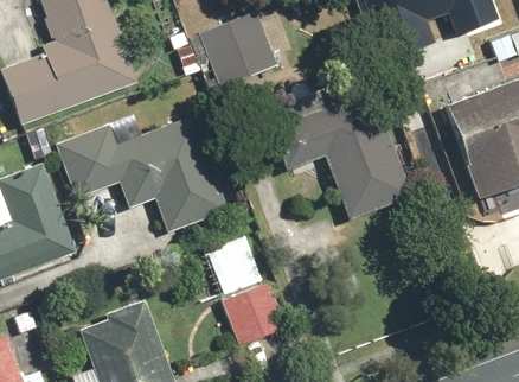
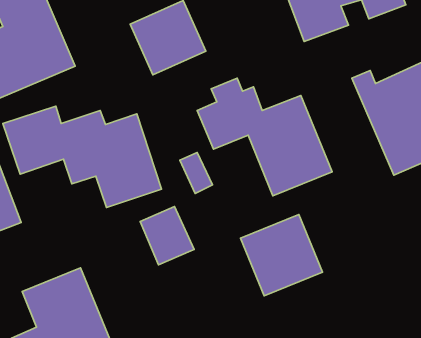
building: none -> [241,215,322,296]
building: [220,279,290,346] -> none

